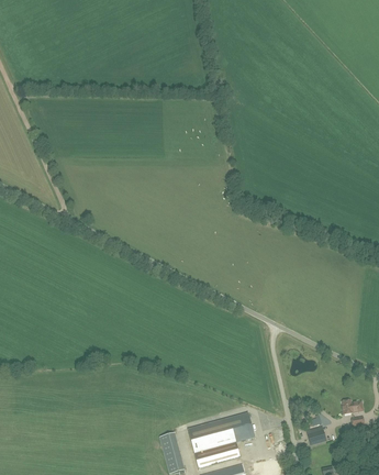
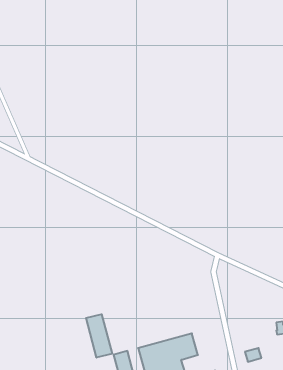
building: none -> [86,314,112,358]

